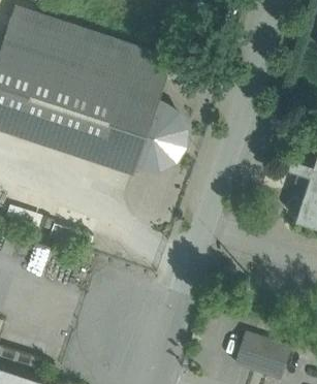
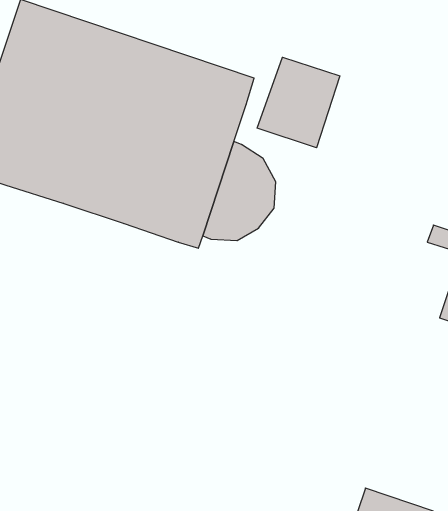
building: none -> [257,57,340,148]

